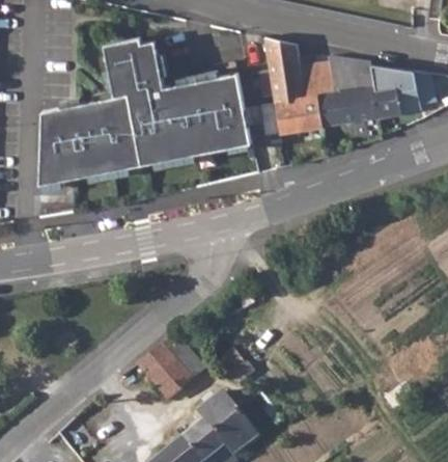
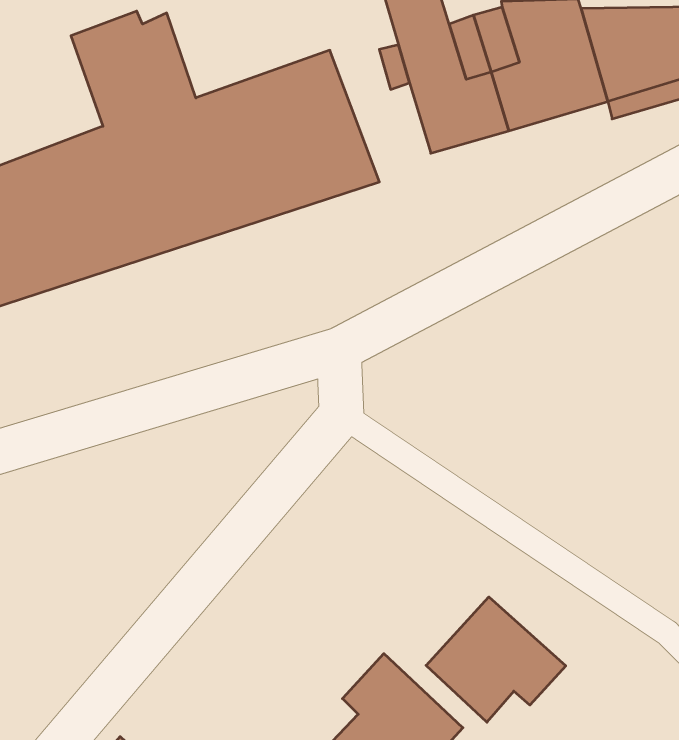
building: [136,334,203,401] -> none
building: none -> [426,597,566,722]

